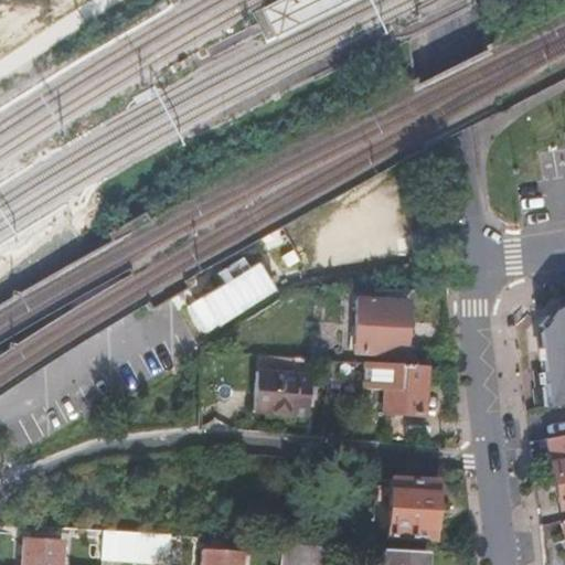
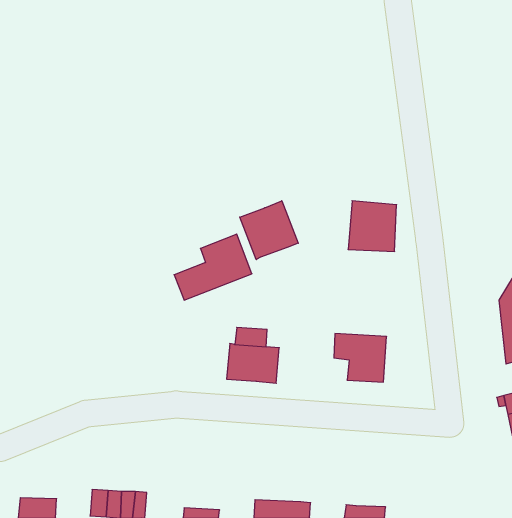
building: none -> [240,201,298,260]
building: [355,300,408,355] -> [348,201,397,251]
building: [386,479,441,542] -> none

